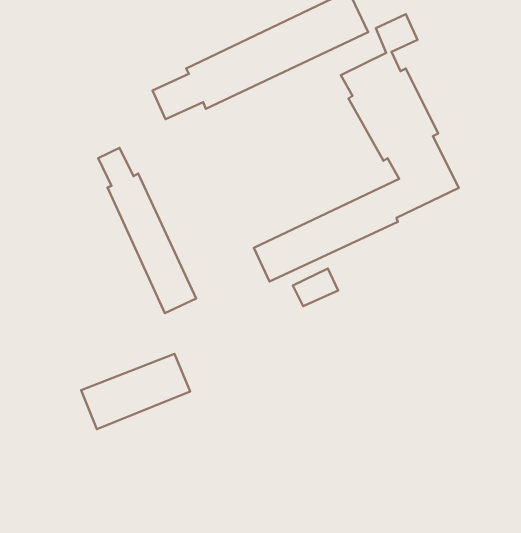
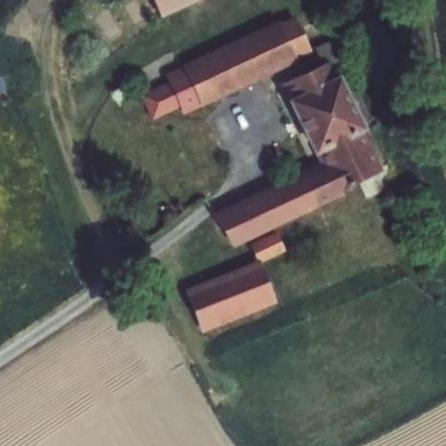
building: [98,148,196,313] -> none
building: [81,354,190,429] -> [189,267,273,325]

